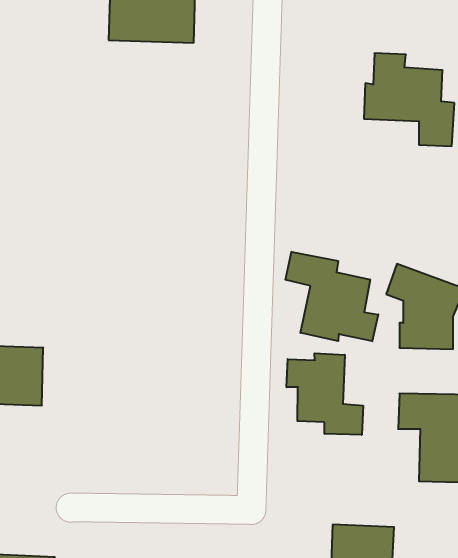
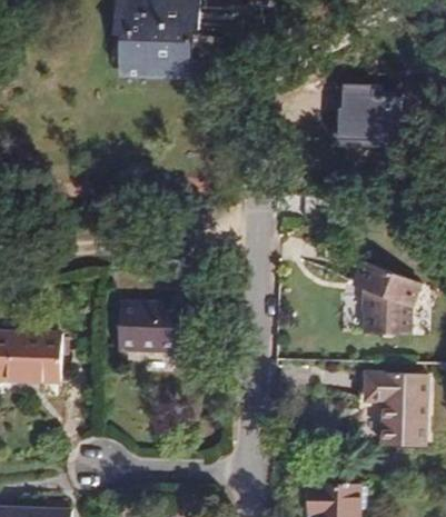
building: [285,252,378,341] -> none
building: none -> [118,301,181,354]
building: [287,353,363,435] -> none

